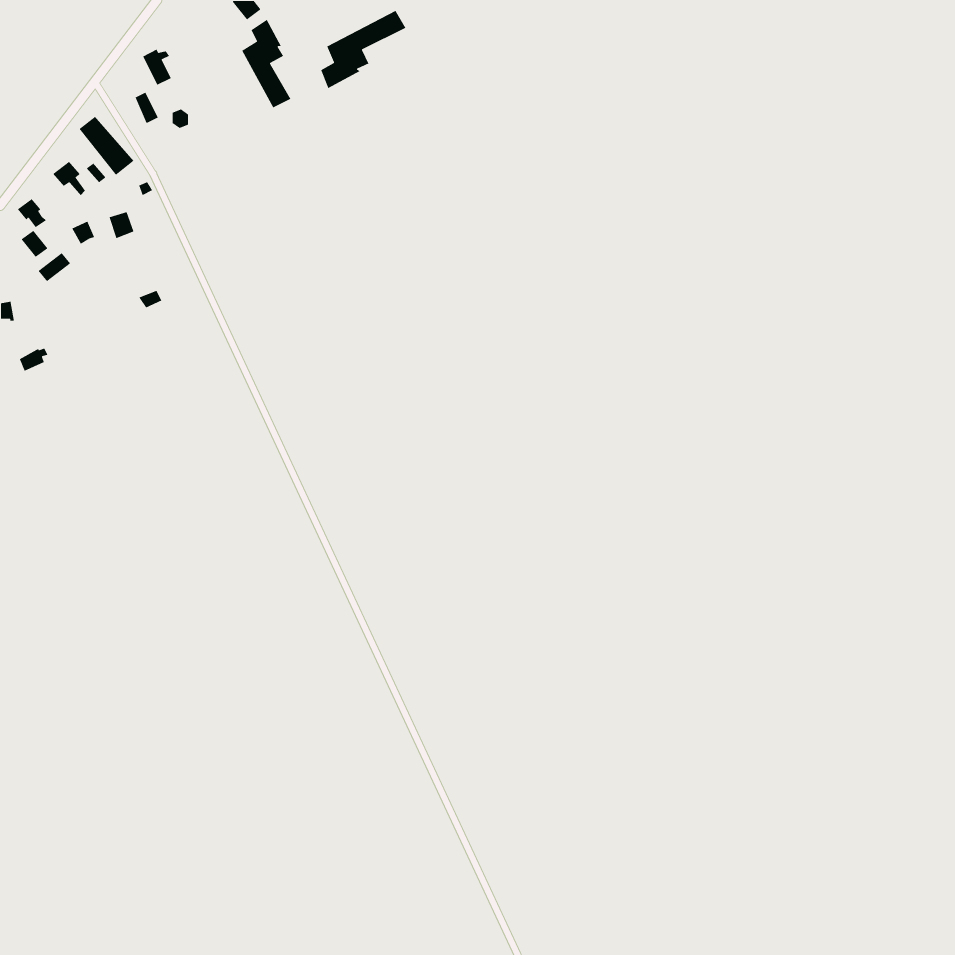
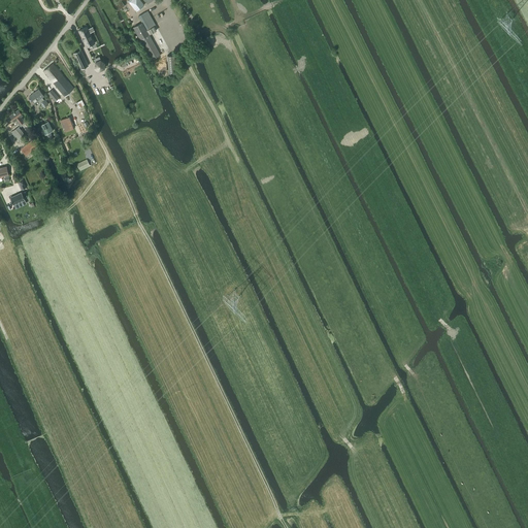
building: [320,10,406,89] -> none

